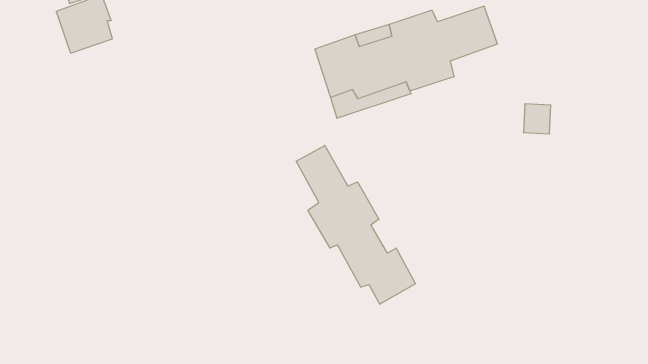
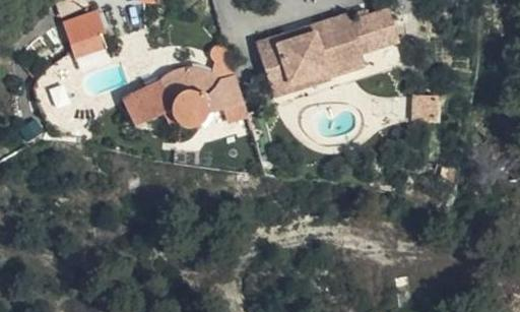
building: none -> [120,44,242,132]
building: [296,145,416,304] -> none

